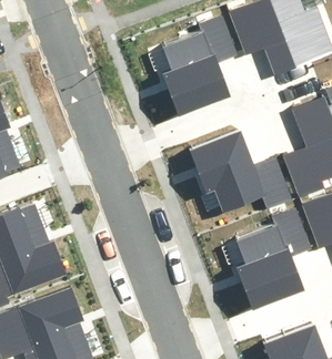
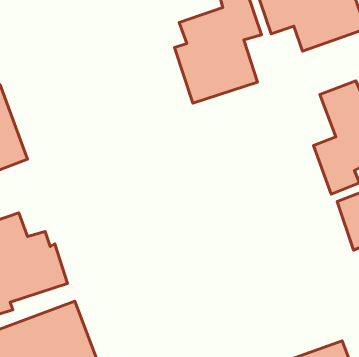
building: [188,130,288,208] -> none
building: [232,208,309,309] -> none

